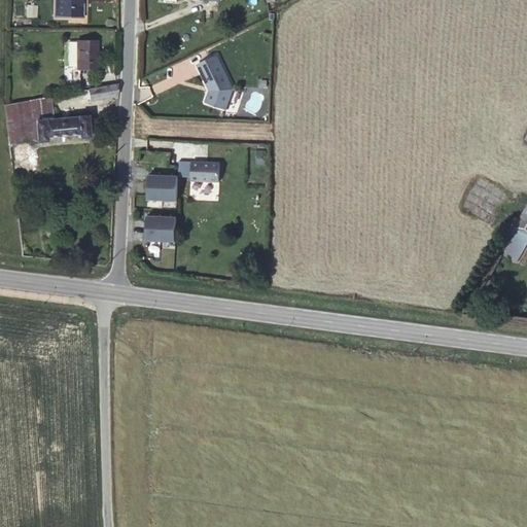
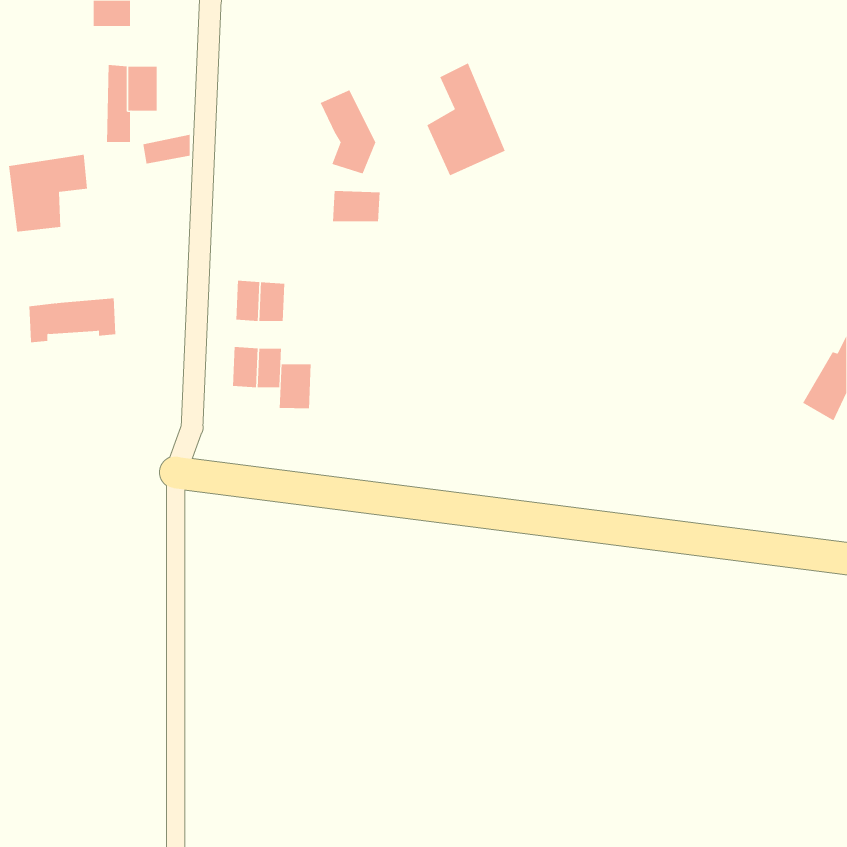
building: none -> [426,63,505,176]
building: [37,114,92,142] -> [28,298,116,343]
building: [190,161,220,180] -> [332,190,380,222]
building: none -> [279,363,311,409]

